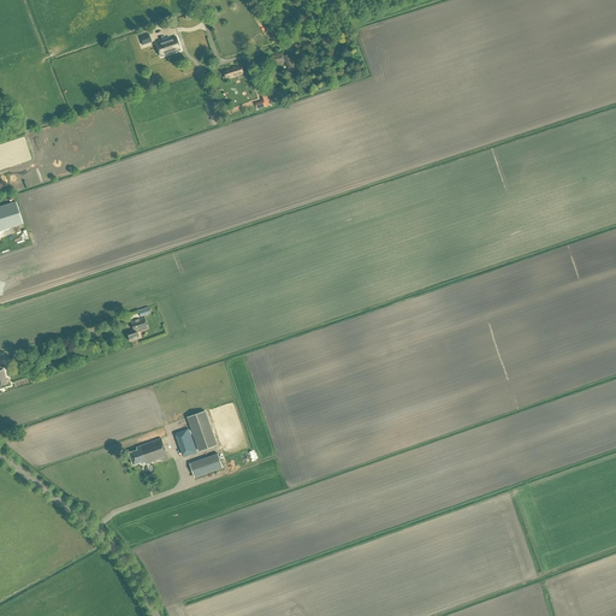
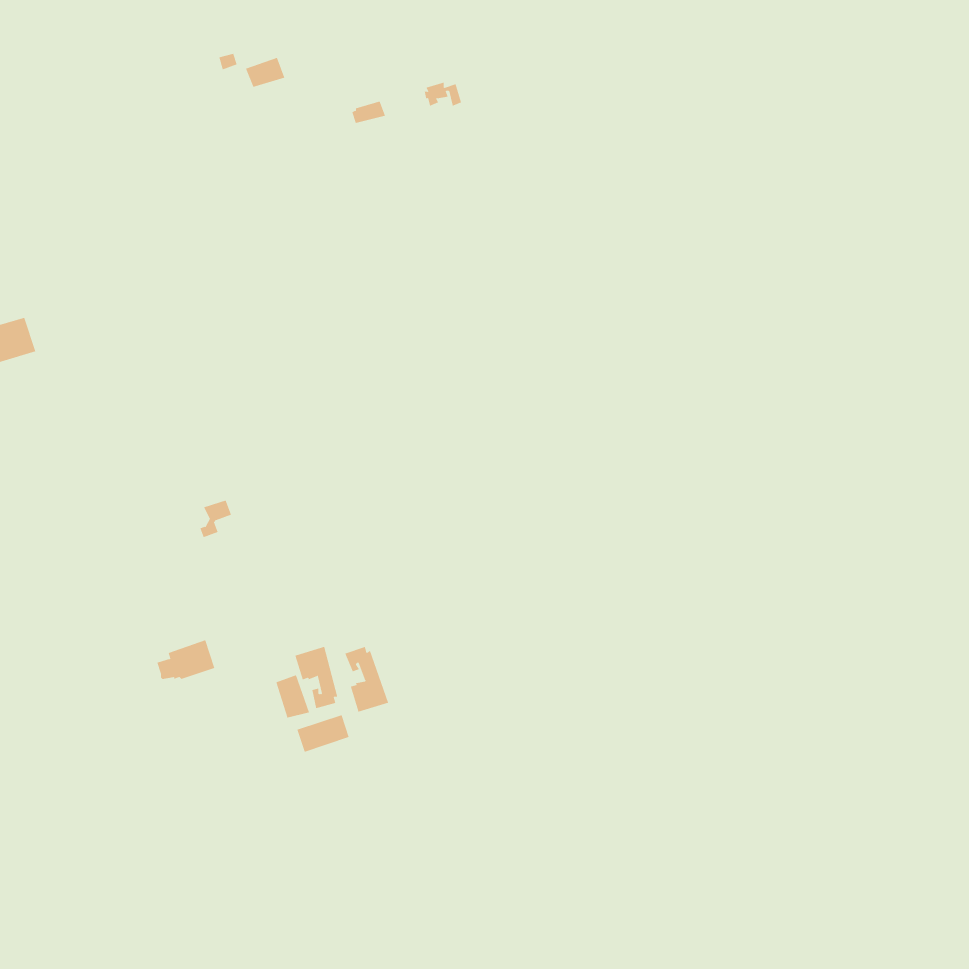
building: none -> [344,646,389,713]
building: [129,438,166,463] -> [156,640,215,679]

